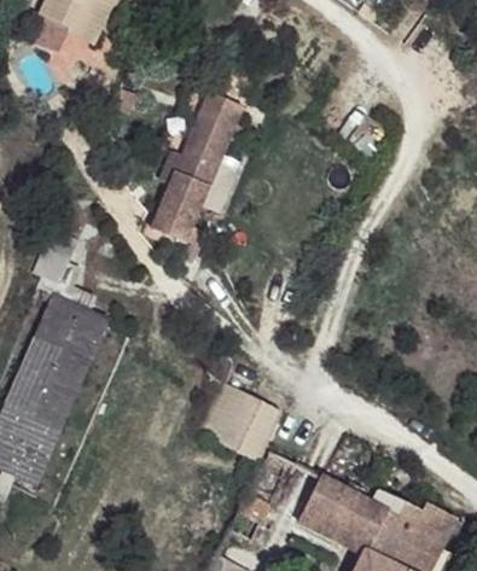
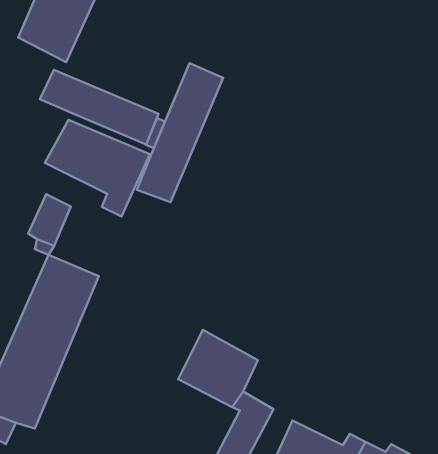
building: none -> [40,70,159,144]
building: none -> [45,120,150,216]

